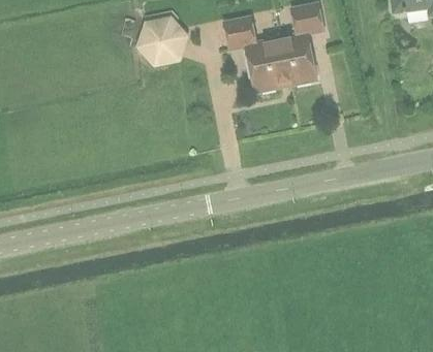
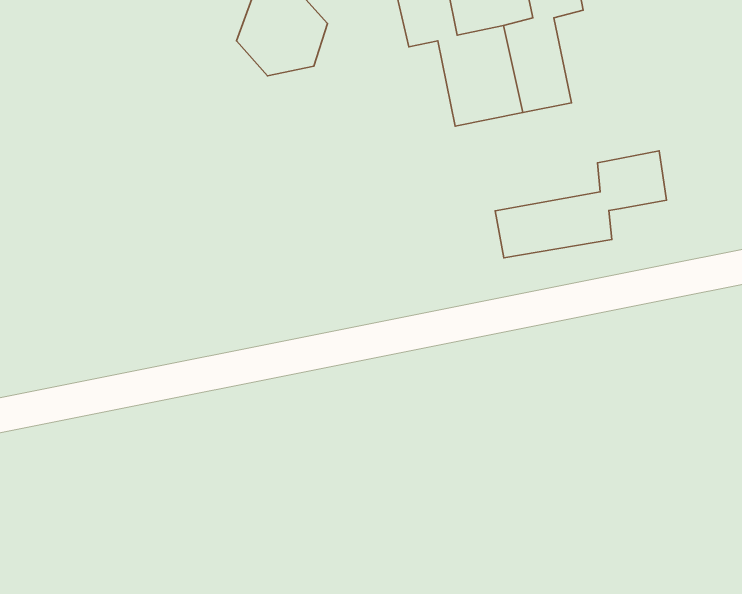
building: none -> [495,151,666,258]

